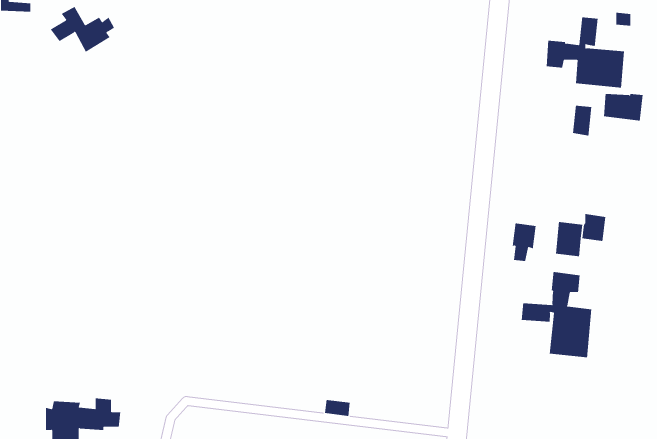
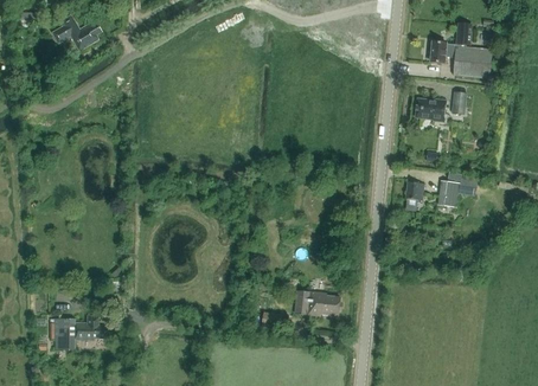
building: [603,93,644,121] -> [415,98,446,120]
building: [521,271,592,358] -> none
building: none -> [295,290,339,315]

